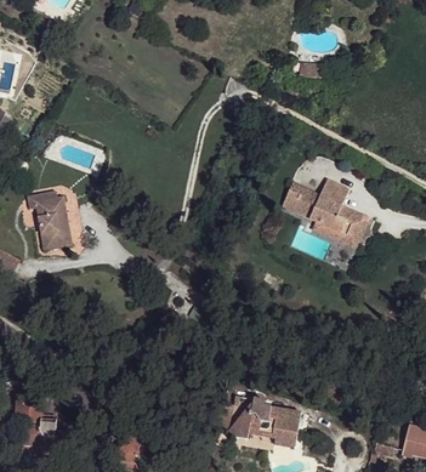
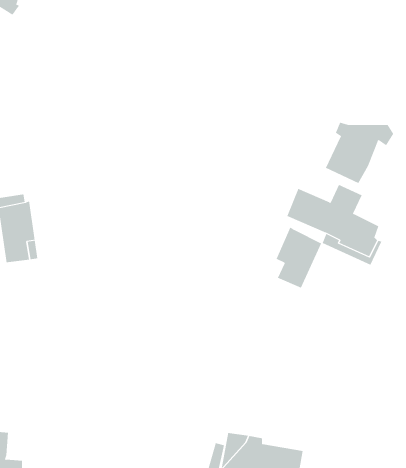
building: none -> [325,122,394,184]
building: none -> [276,227,322,288]

